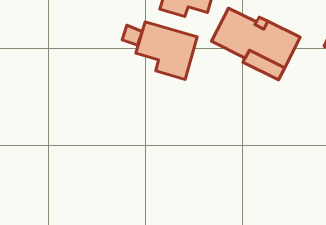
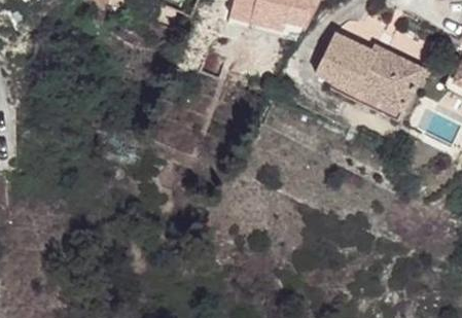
building: [136,22,197,80] -> none

